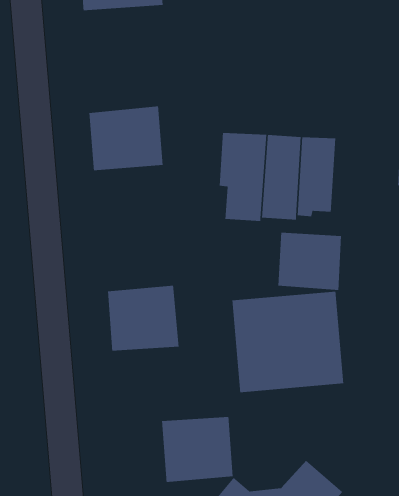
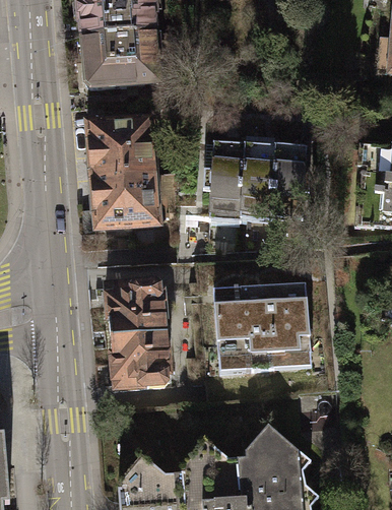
building: none -> [82,30,157,87]
building: none -> [91,172,159,230]
building: [278,232,342,291] -> none
building: [161,416,234,483] -> [108,332,172,391]

